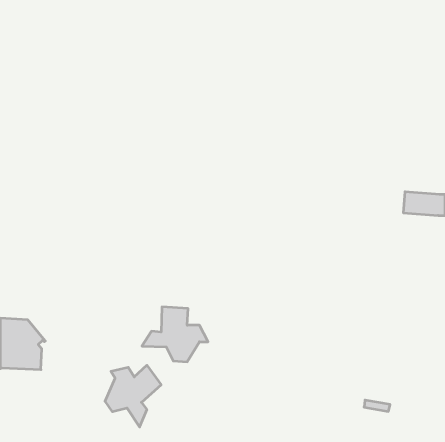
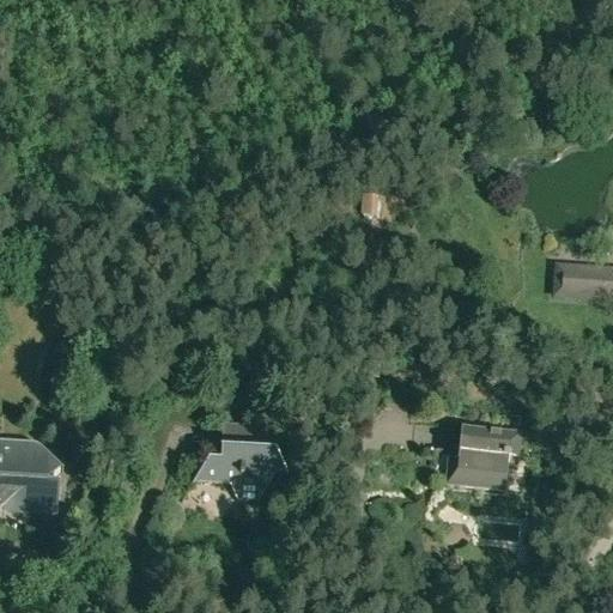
building: none -> [444,425,520,487]
building: [105,365,161,427] -> none

